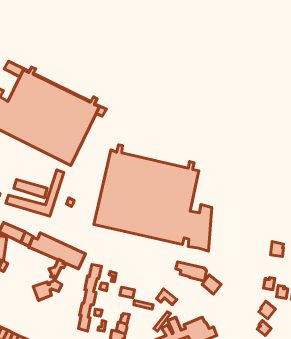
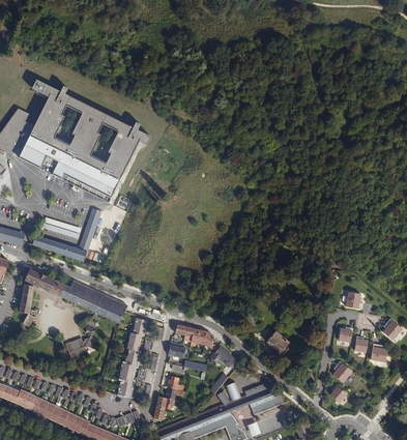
building: [94,145,212,251] -> none
building: [176,262,206,281] -> [174,324,210,347]

